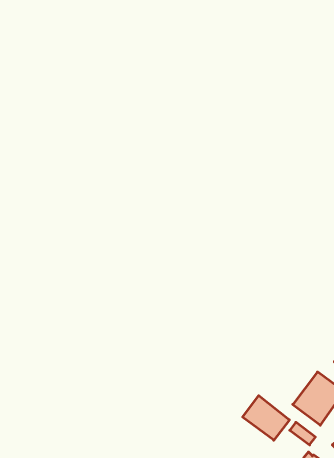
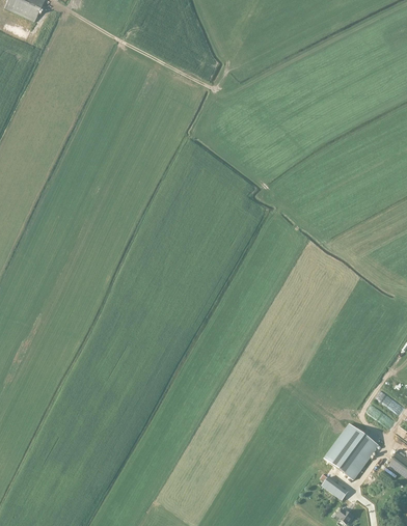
building: [243,396,289,440] -> none

